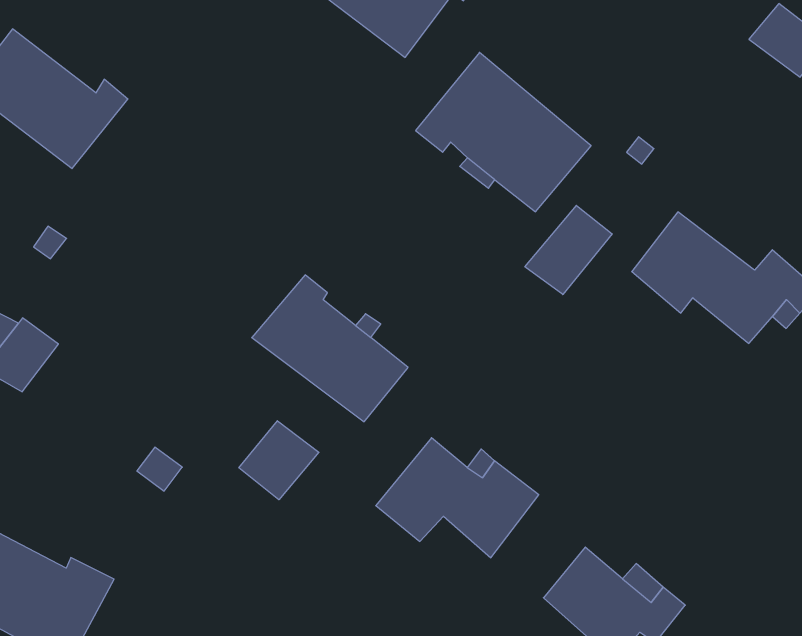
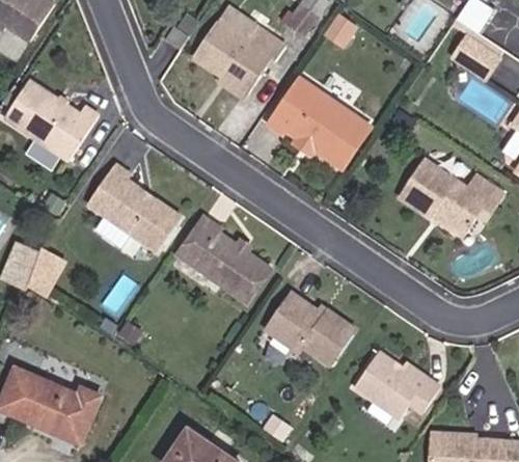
building: none -> [84,162,176,249]
building: [525,205,612,295] -> none
building: [239,421,319,500] -> none

